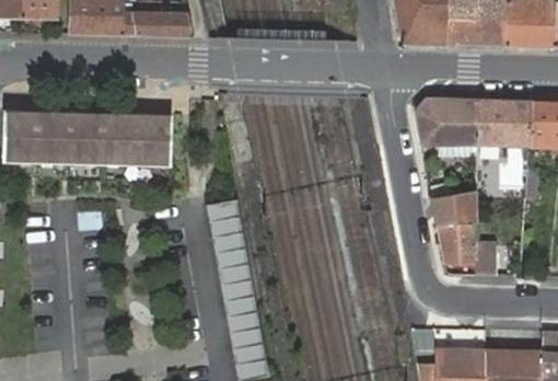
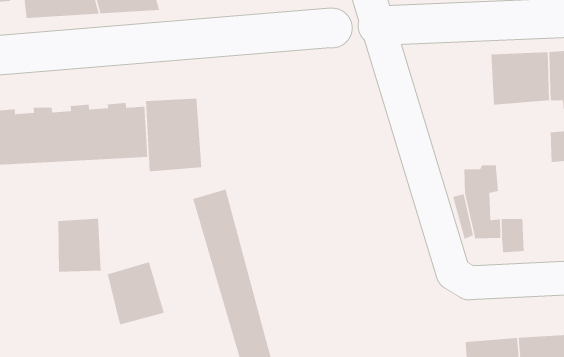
building: [415,97,479,150] -> none
building: none -> [145,98,202,172]
building: none -> [58,218,101,273]
building: none -> [107,261,165,325]

